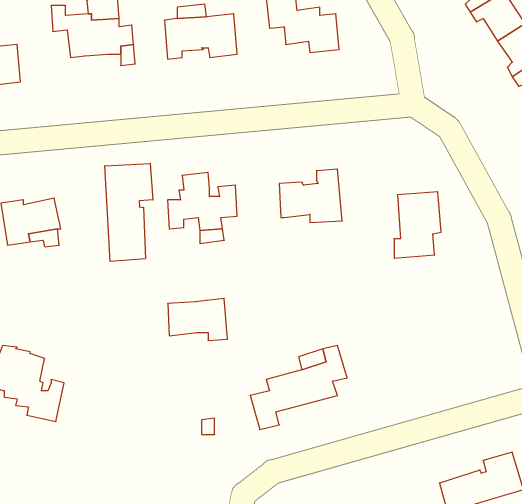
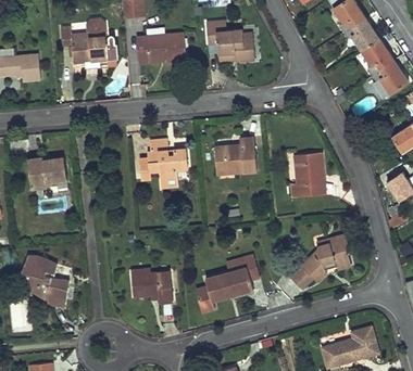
building: [105,163,153,261] -> none
building: [168,299,228,341] -> [132,272,172,300]
building: none -> [290,234,350,291]

